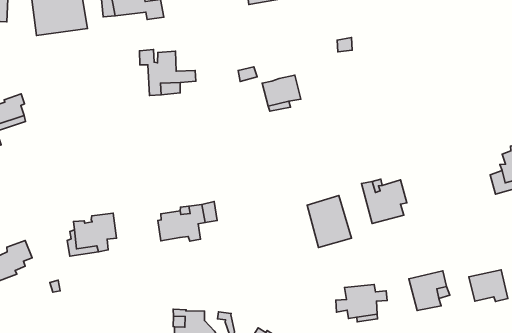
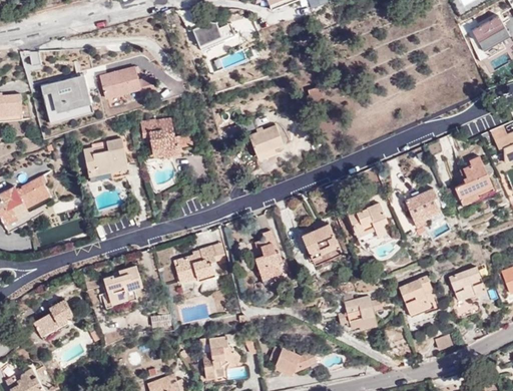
building: none -> [83,137,127,182]
building: none -> [404,187,442,228]
building: none -> [254,231,282,280]

